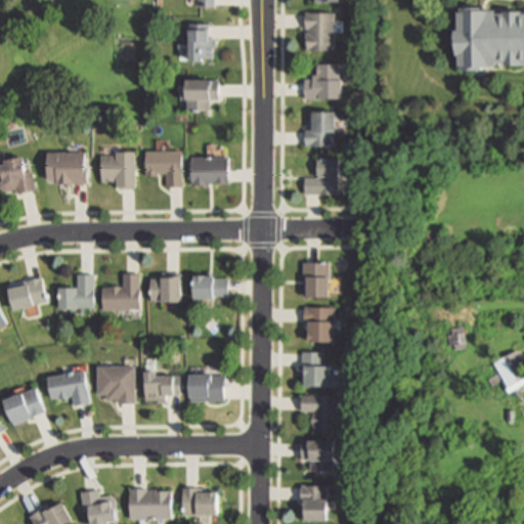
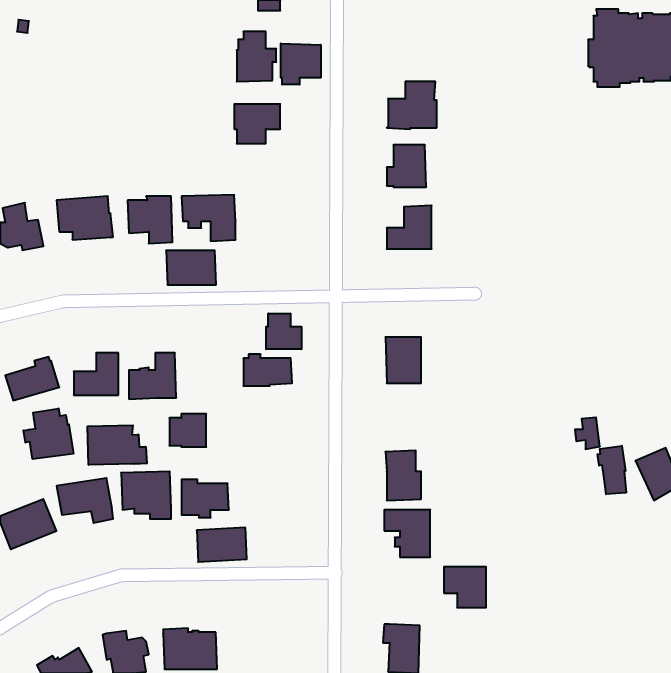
building: [303,13,333,49] -> none
building: none -> [281,43,321,85]
building: [188,158,227,184] -> [166,250,216,285]
building: none -> [266,313,301,349]
building: [149,276,178,302] -> [169,414,206,447]
building: [303,307,334,345] -> none
building: none -> [23,408,73,459]
building: none -> [88,425,147,465]
building: none -> [597,446,626,494]
building: [186,375,225,401] -> [197,528,247,562]
building: [300,441,333,473] -> [444,567,486,608]
building: [182,488,218,516] -> none

